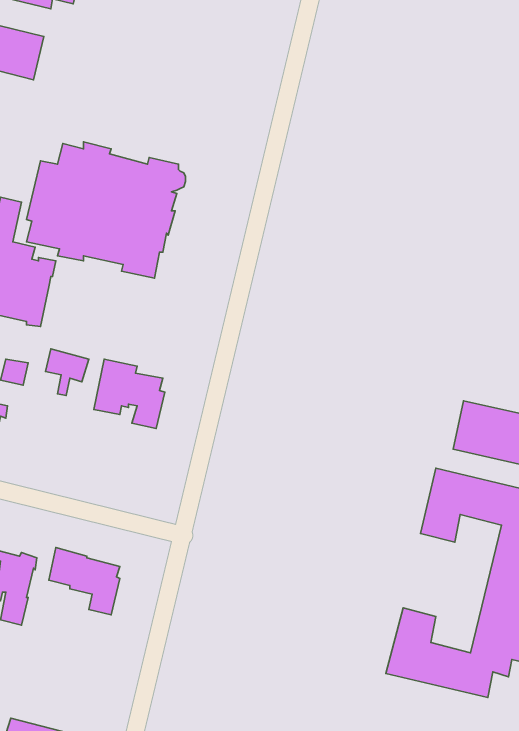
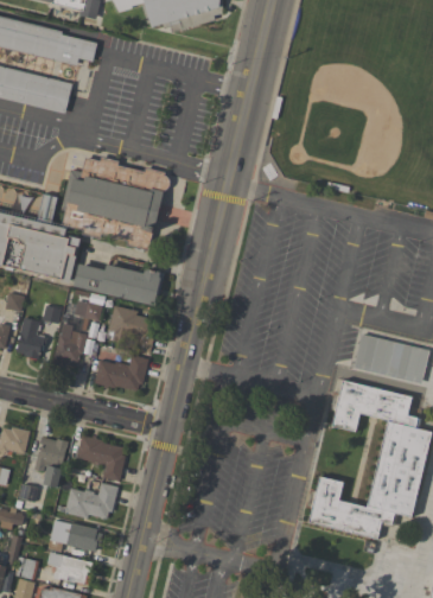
building: none -> [75,263,165,305]
building: none -> [55,322,88,367]
building: none -> [96,355,149,390]
building: none -> [65,482,119,519]
building: none -> [50,520,103,552]

